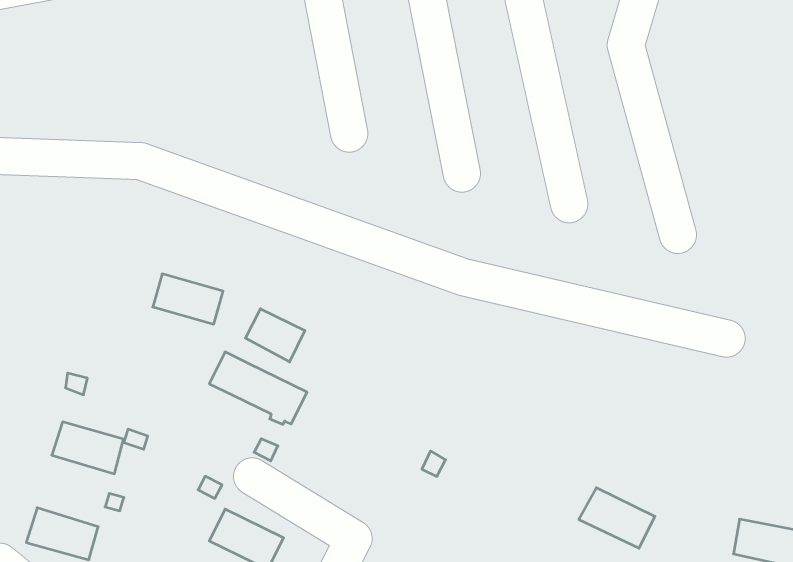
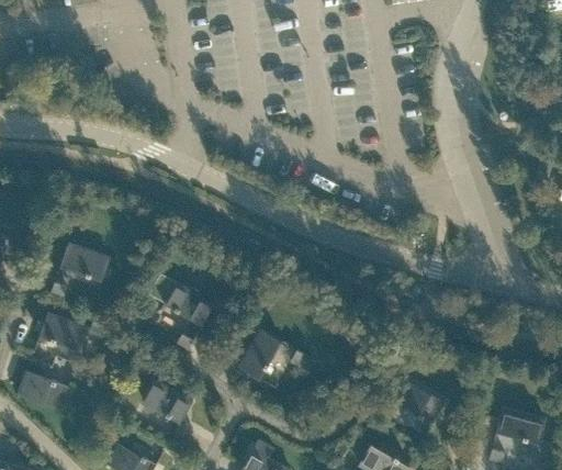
building: [153,274,223,324] -> [61,245,110,281]
building: [245,309,305,362] -> none
building: none -> [239,331,282,380]

